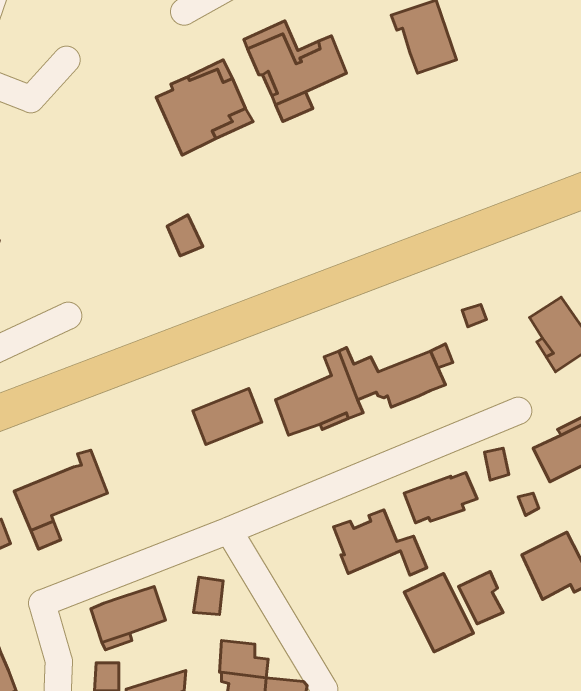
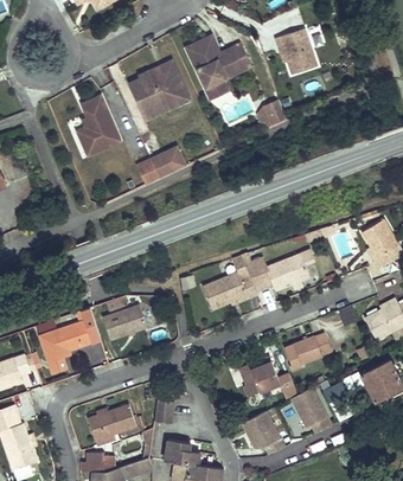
building: none -> [73,98,119,159]
building: none -> [254,102,284,133]
building: none -> [148,148,185,180]
building: [193,389,262,445] -> [101,300,145,335]
building: none -> [238,412,277,451]

